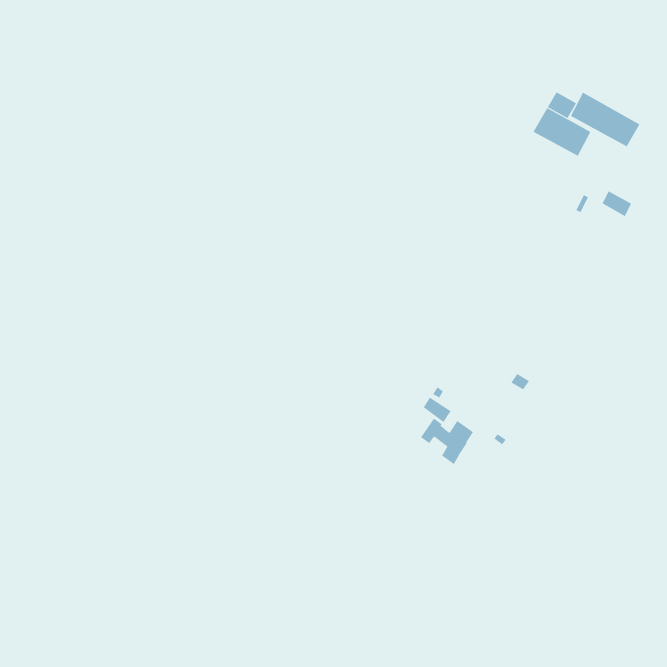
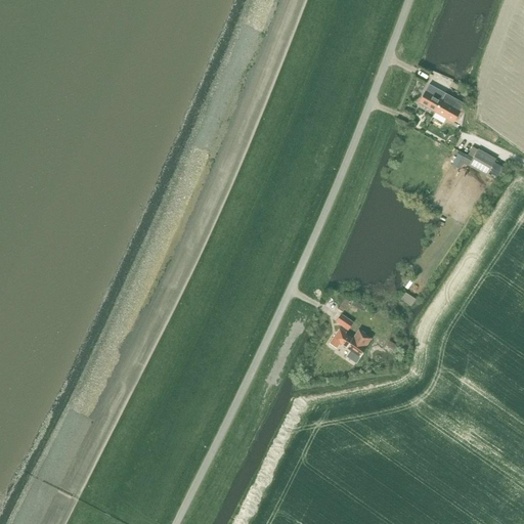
building: [570,92,640,147] -> none

